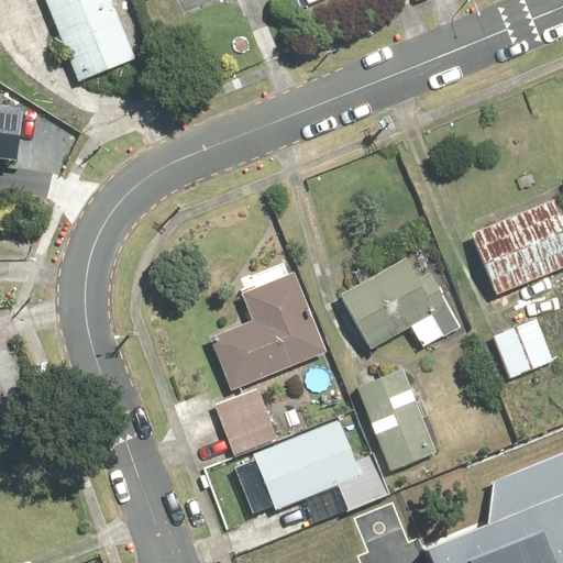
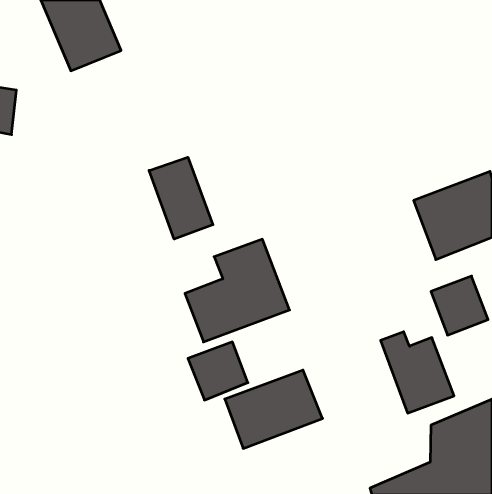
building: none -> [149,157,213,239]
building: [336,253,461,349] -> none
building: [355,377,439,470] -> [381,332,454,413]

